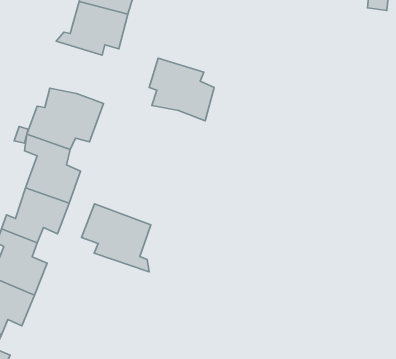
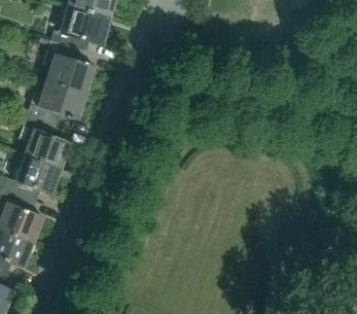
building: [149,58,214,121] -> [42,37,95,88]
building: [82,204,151,272] -> none

